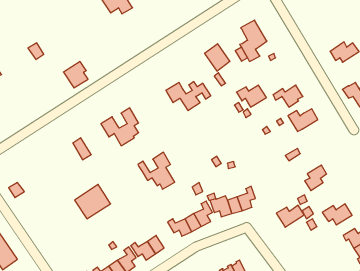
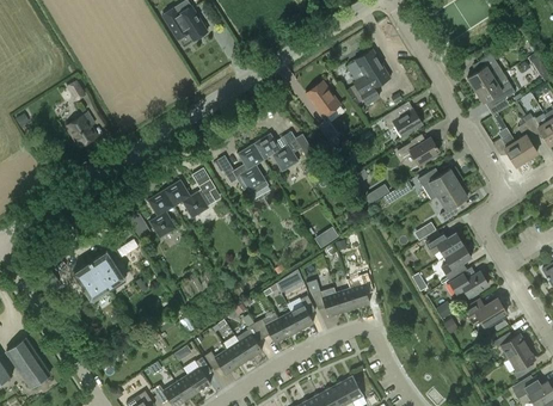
building: none -> [467,53,498,91]
building: [63,62,88,88] -> [64,111,98,147]
building: [236,85,266,107] -> [382,107,423,137]
building: none -> [437,183,467,221]
building: none -> [145,189,176,239]
building: [138,152,175,189] -> [217,143,268,193]
building: none -> [425,232,463,257]
building: [75,184,111,219] -> [74,251,123,297]
building: [276,205,304,227] -> [449,271,487,301]
building: none -> [235,322,263,357]

